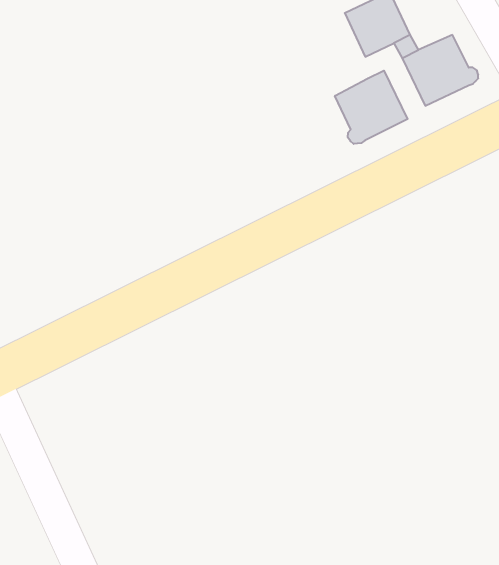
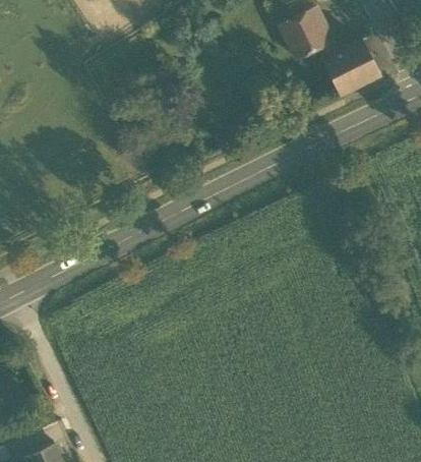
building: [335,71,408,144] -> none

